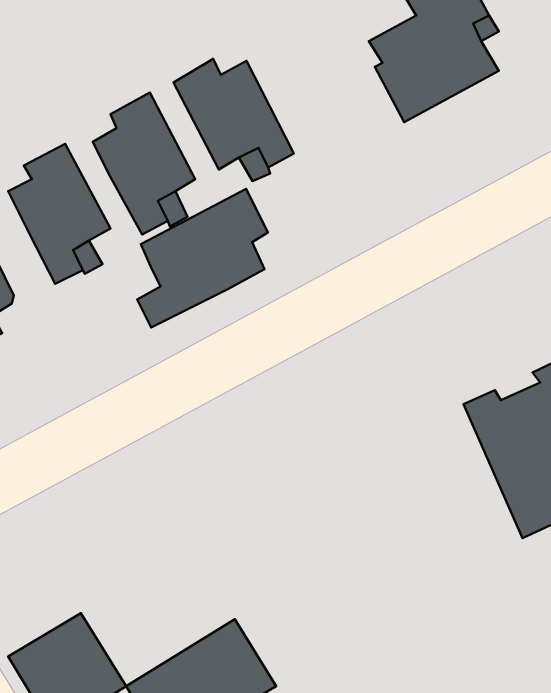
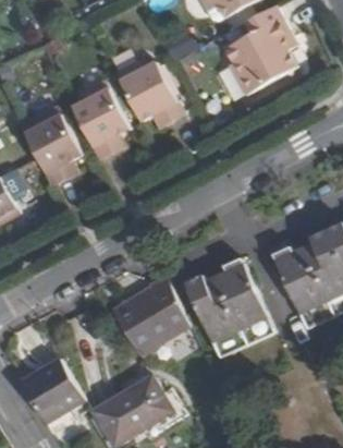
building: [137,189,268,327] -> none
building: none -> [188,256,278,355]
building: none -> [118,288,194,368]

